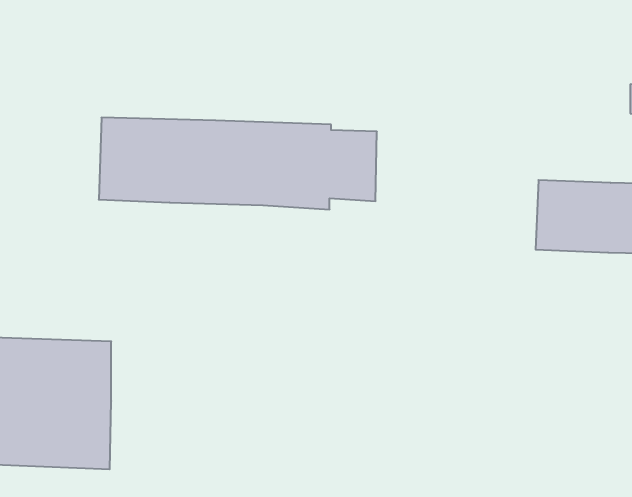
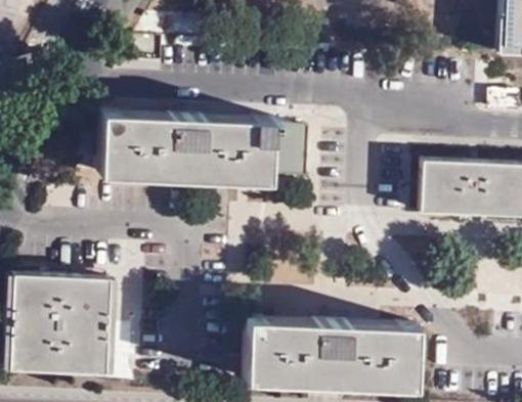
building: none -> [251,320,421,389]

